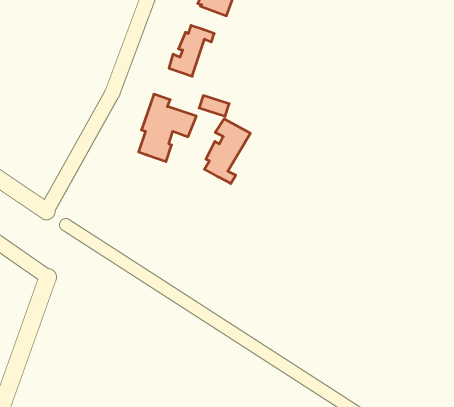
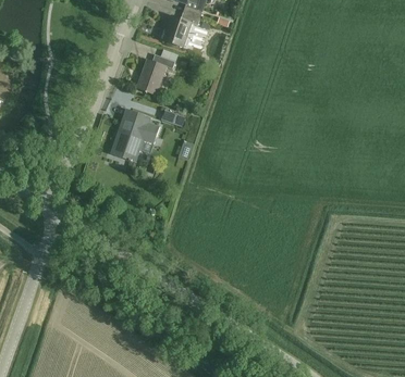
building: [204,119,250,184] -> none

